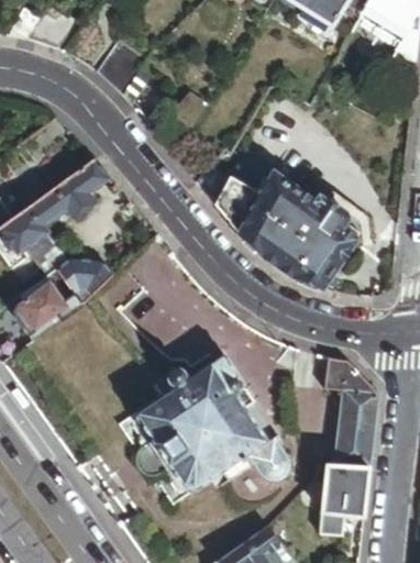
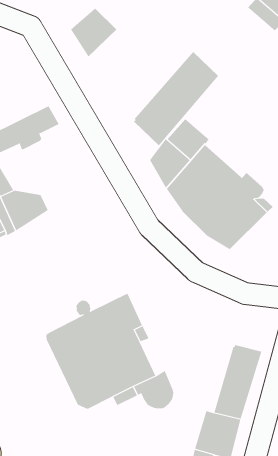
building: none -> [133,51,219,146]
building: [324,356,376,390] -> none

